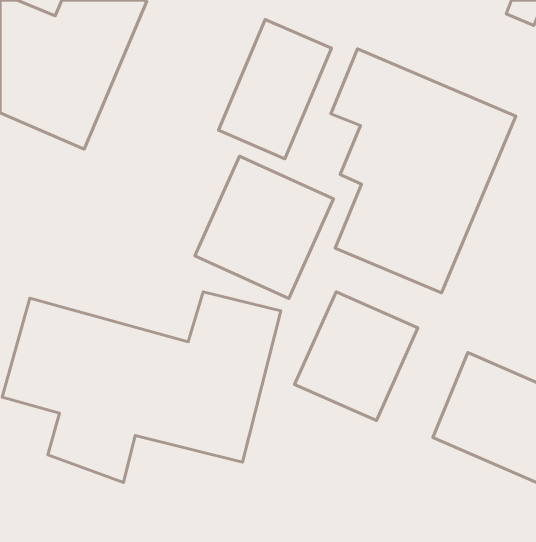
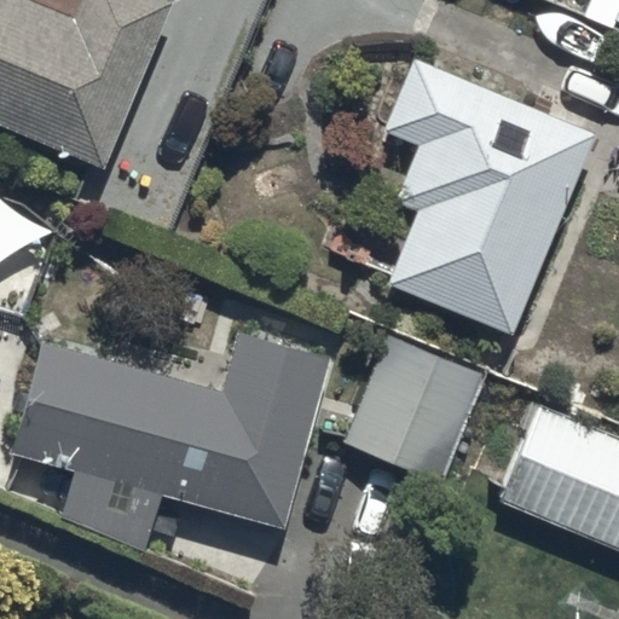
building: [219,19,331,159] -> none
building: [195,156,333,299] -> none

